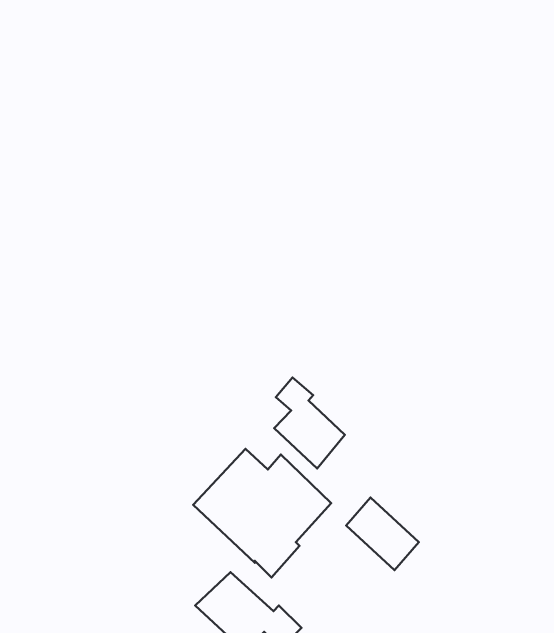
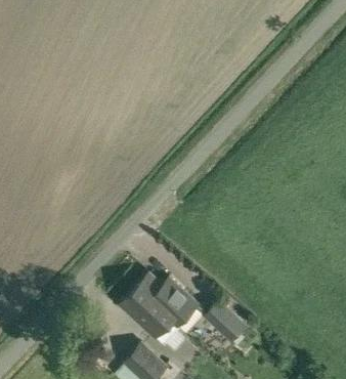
building: [274,378,345,468] -> none

